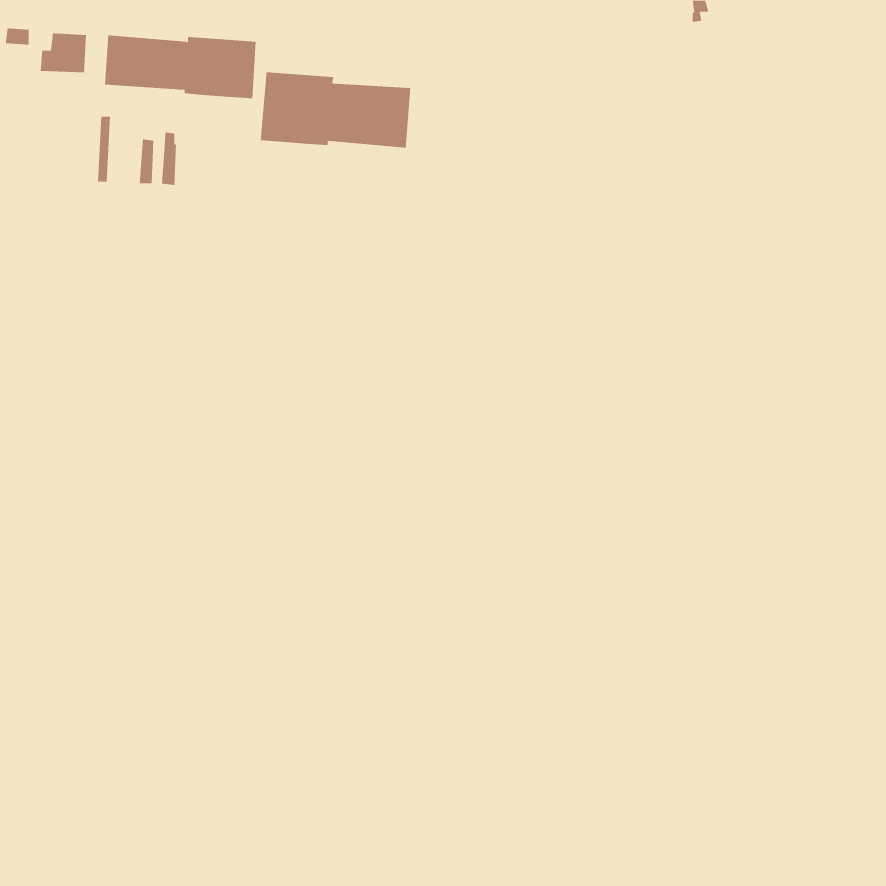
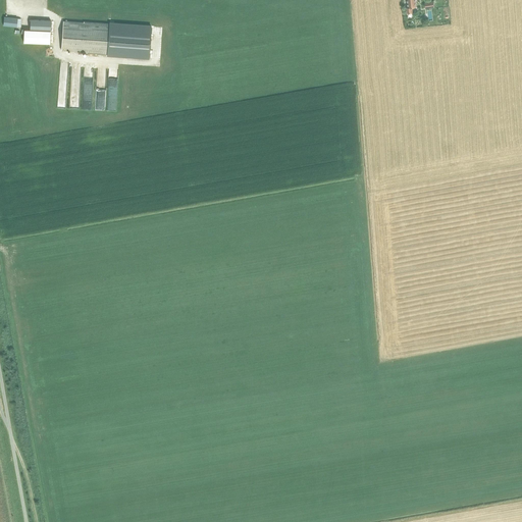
building: [260,71,411,148] -> none

